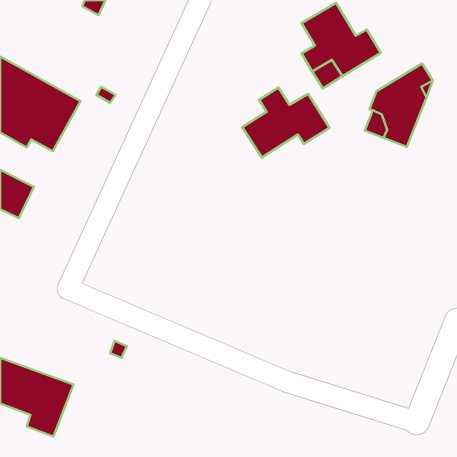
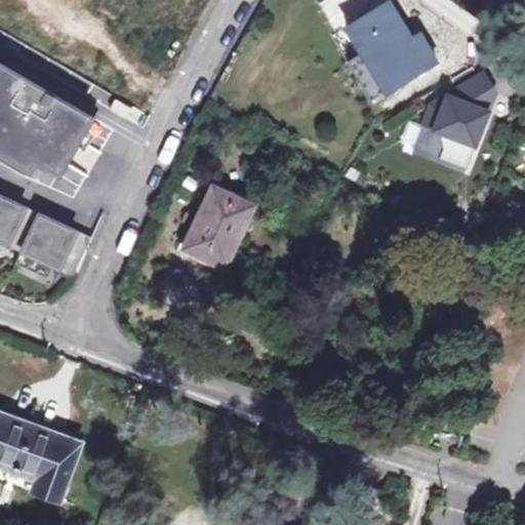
building: [242,88,329,157] -> none
building: none -> [185,187,252,270]
building: none -> [16,214,92,276]

